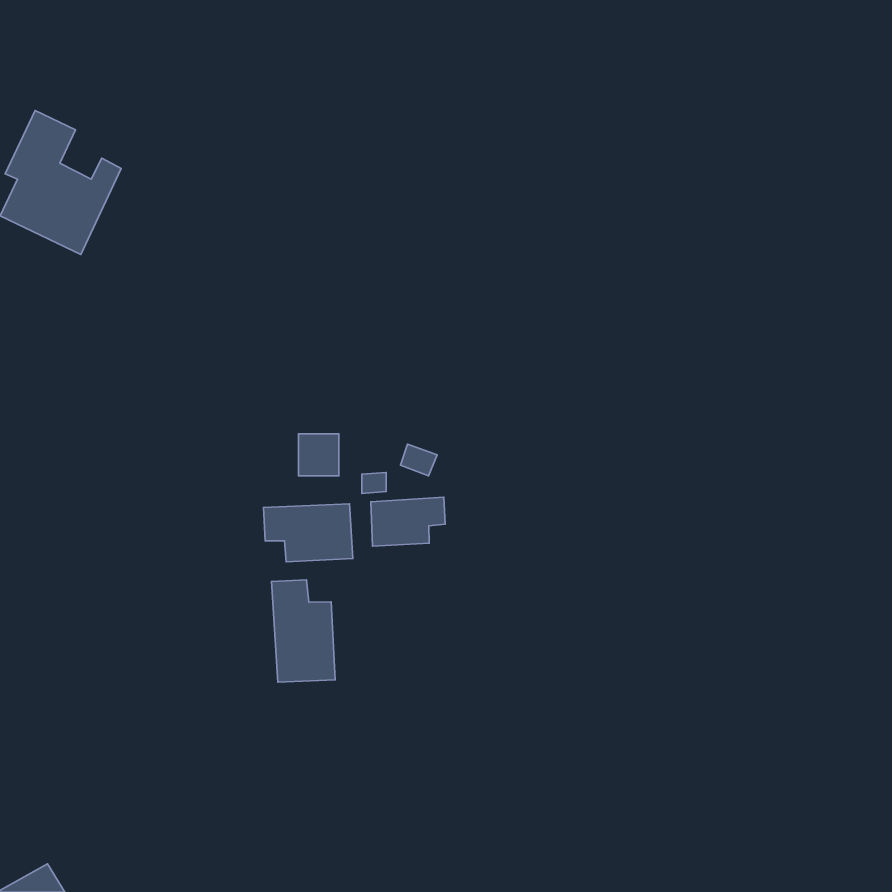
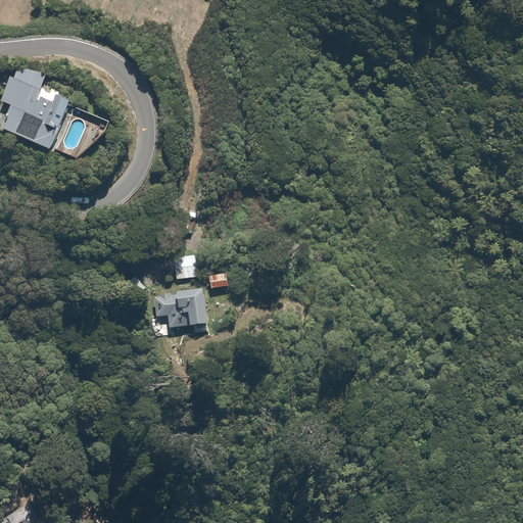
building: [371,497,445,546] -> none
building: [271,580,335,682] -> none

